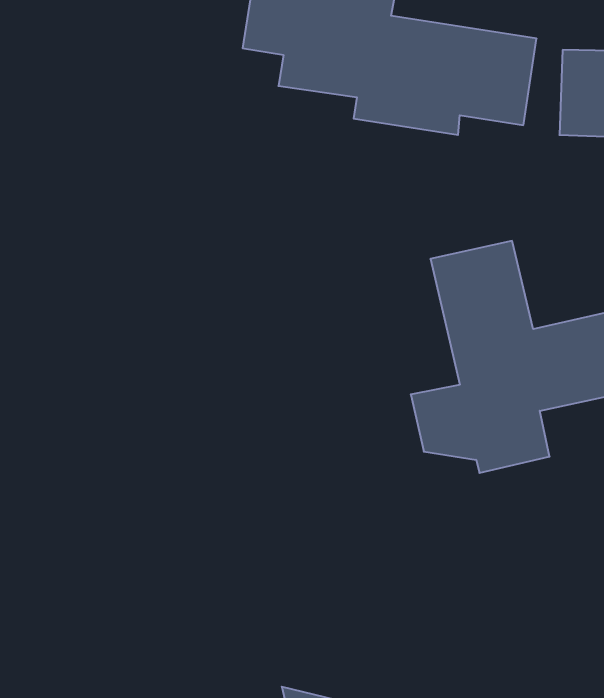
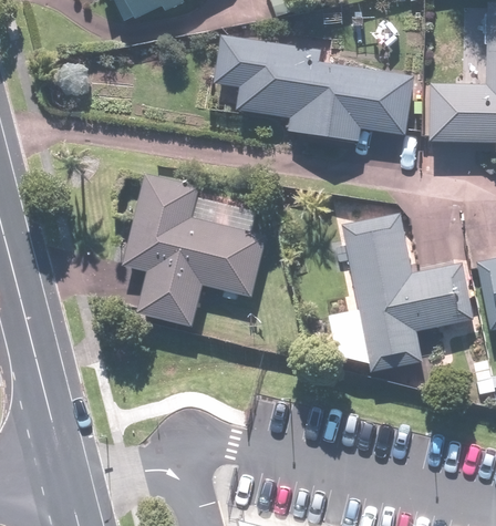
building: none -> [125,176,268,326]

